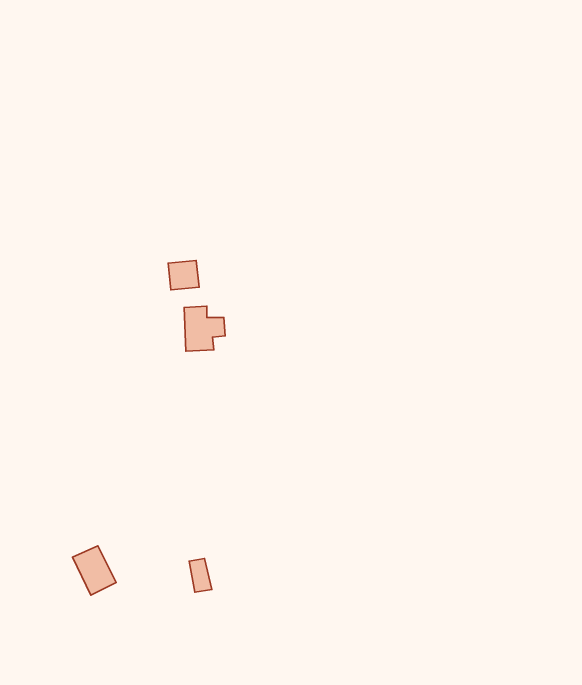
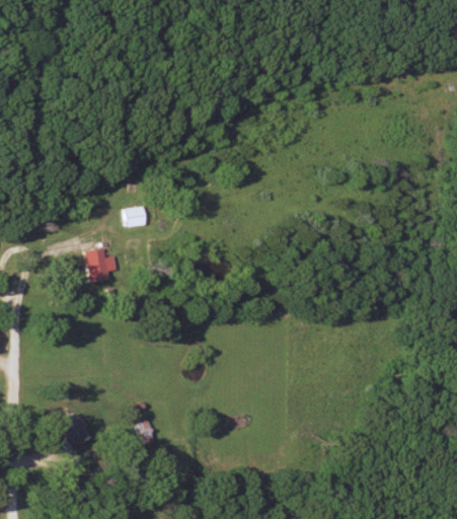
building: [184,306,225,351] -> [87,248,117,281]

